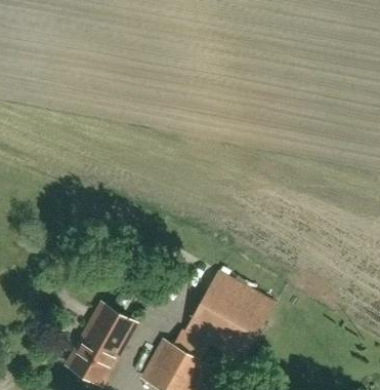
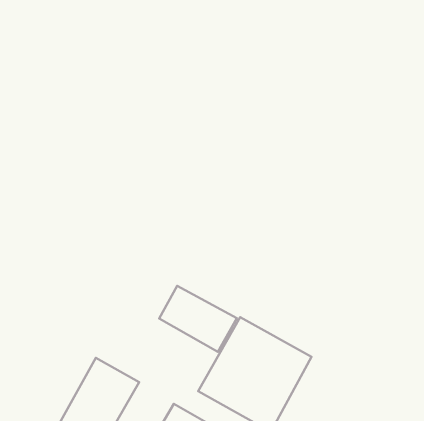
building: none -> [159,286,237,352]

